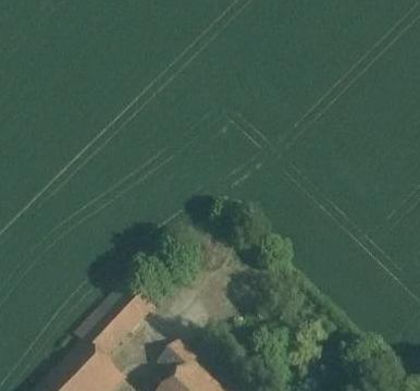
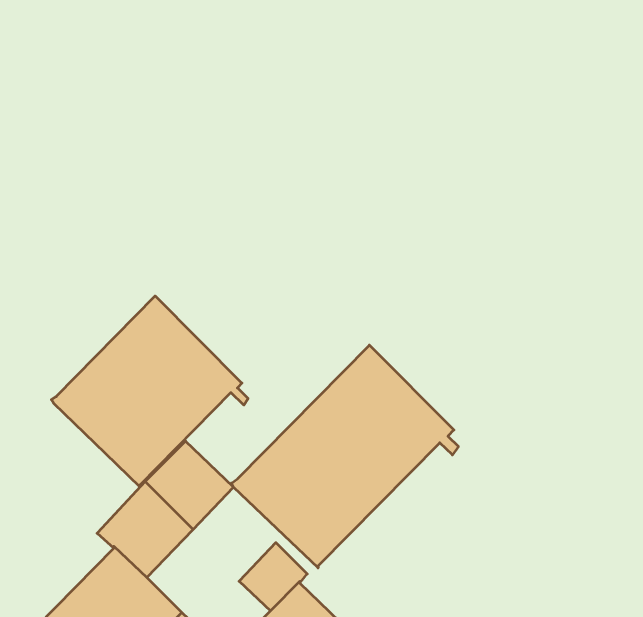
building: none -> [51,296,248,487]
building: none -> [231,345,458,568]

